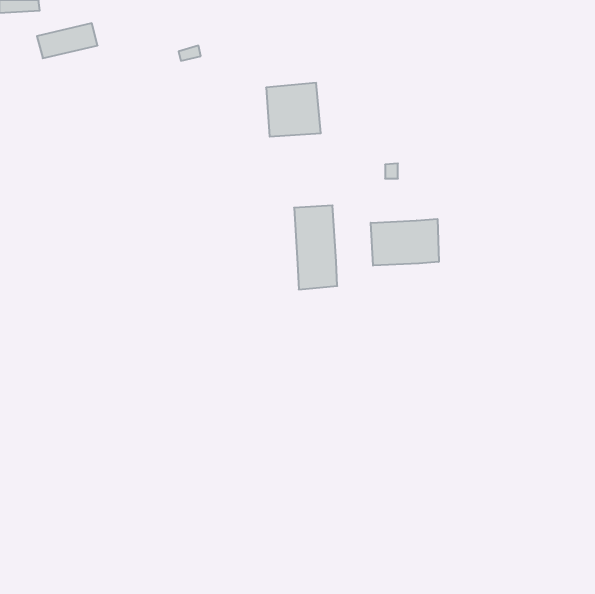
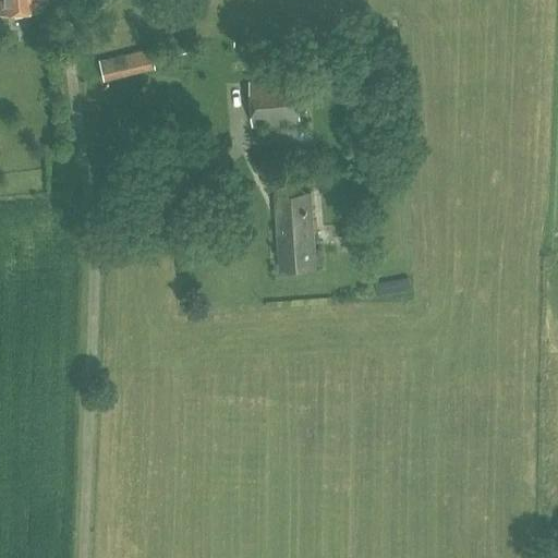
building: [37,23,98,58] -> [97,50,154,83]
building: [371,219,439,266] -> none

